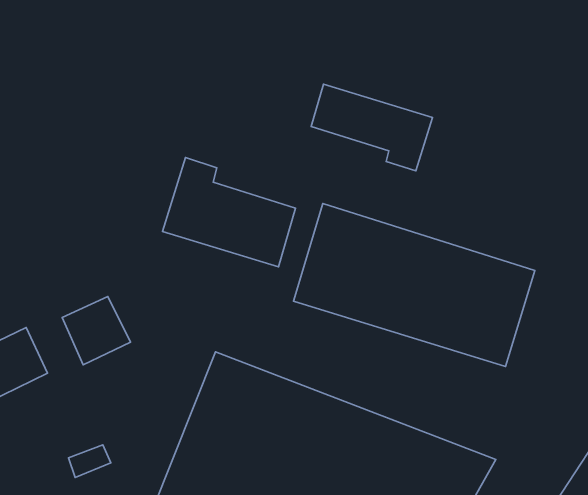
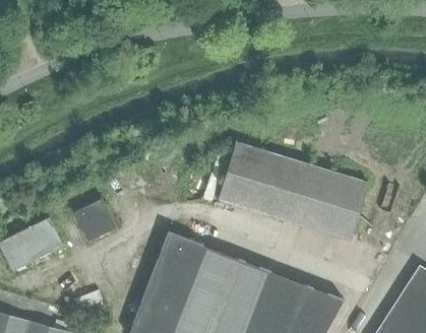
building: [311,84,432,171] -> none
building: [163,158,296,267] -> none

